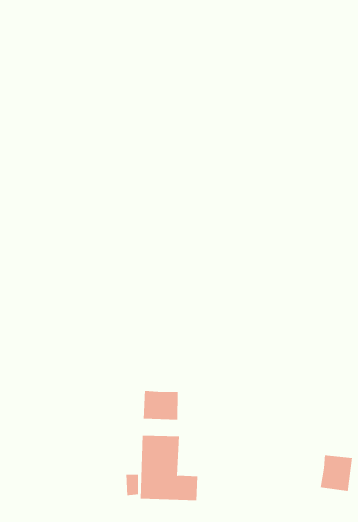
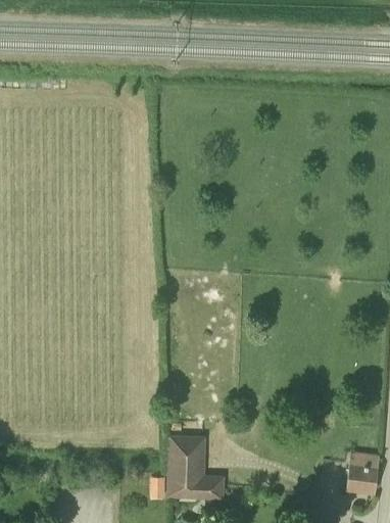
building: [143,390,178,420] -> none

